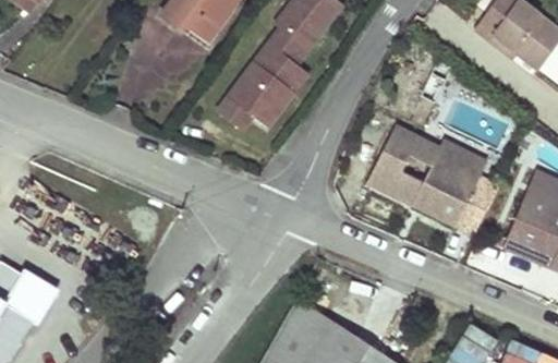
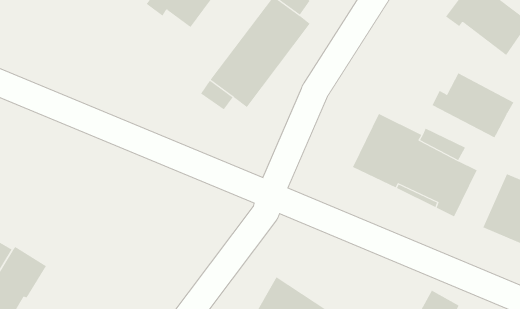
building: none -> [432,73,514,138]

